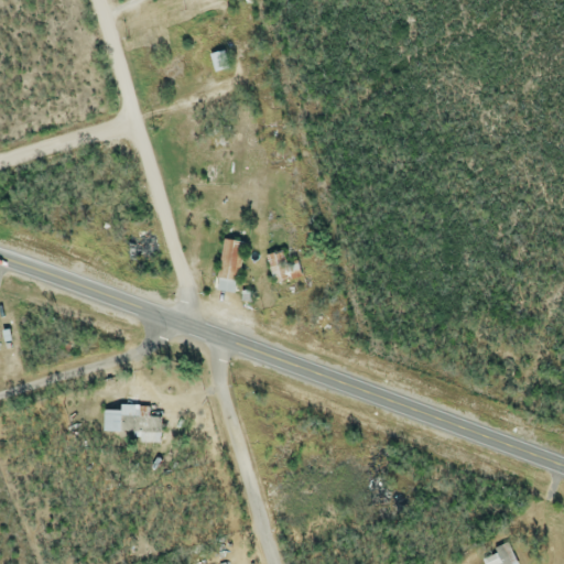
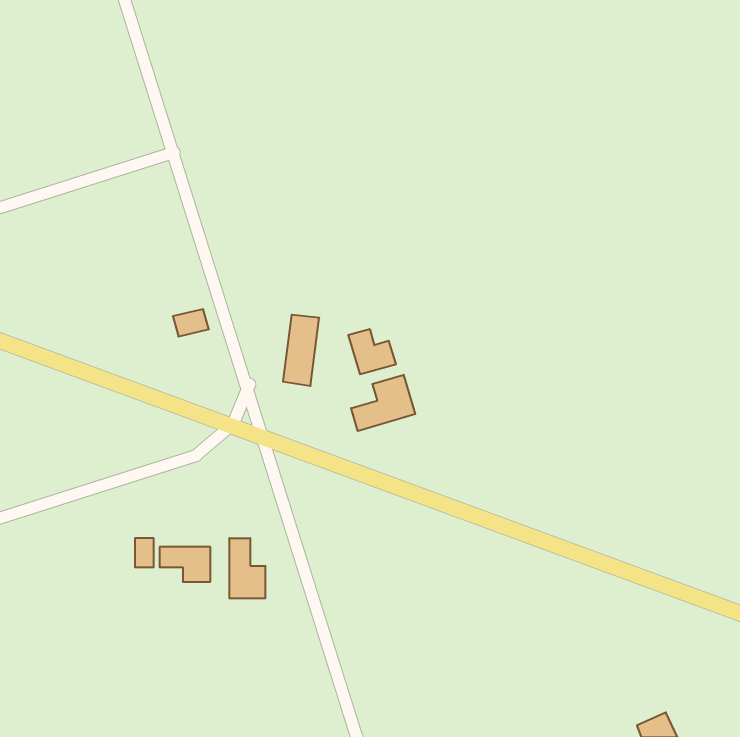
building: none -> [351,375,415,431]
building: none -> [229,538,265,598]

